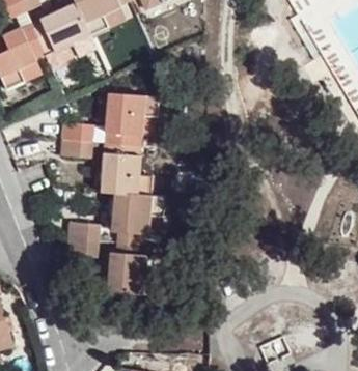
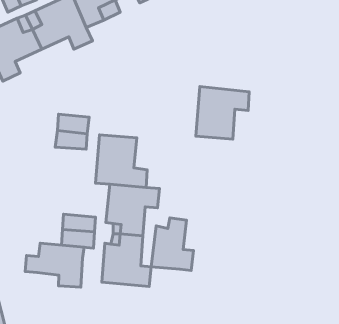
building: [104,92,158,145] -> [196,87,249,139]
building: none -> [151,218,193,271]
building: none -> [25,243,84,287]

